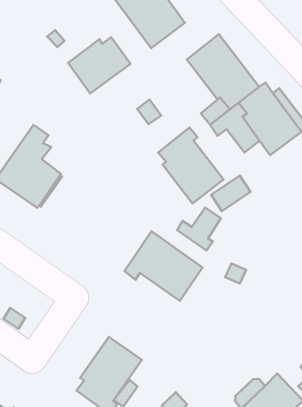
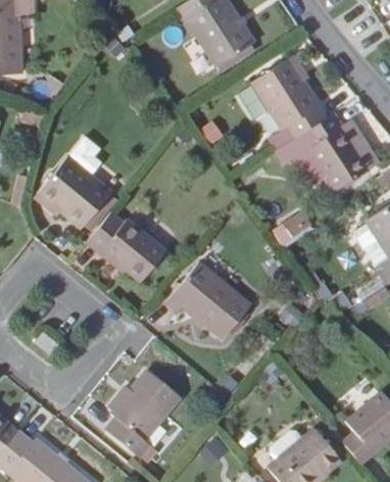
building: [68,37,131,94] -> none
building: [158,128,224,203] -> none
building: none -> [85,211,166,282]
building: [177,207,221,250] -> none

